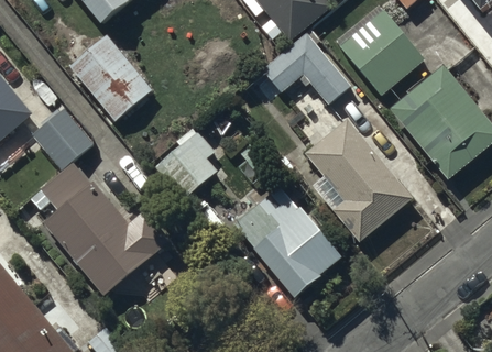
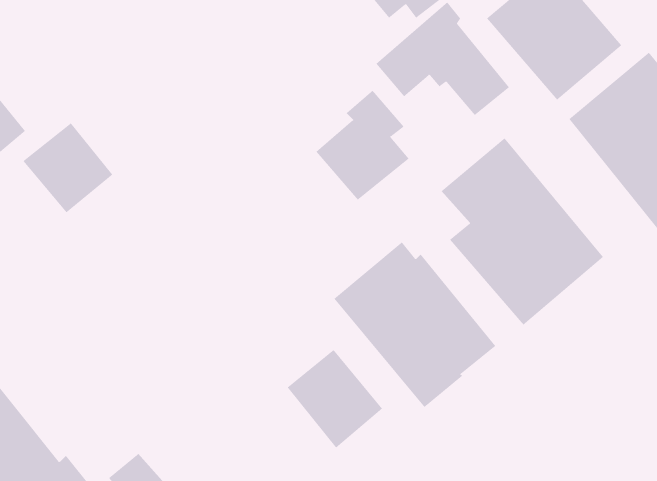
building: [68,34,152,121] -> none
building: [154,126,216,199] -> [316,90,410,201]
building: [29,163,177,295] -> none
building: none -> [287,349,383,448]

